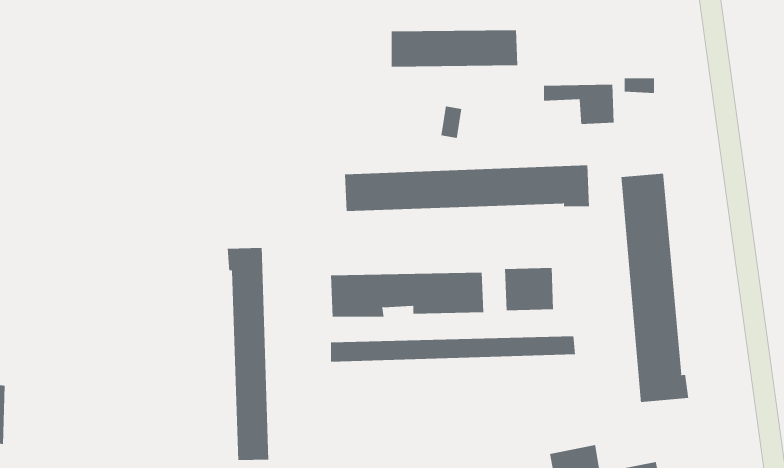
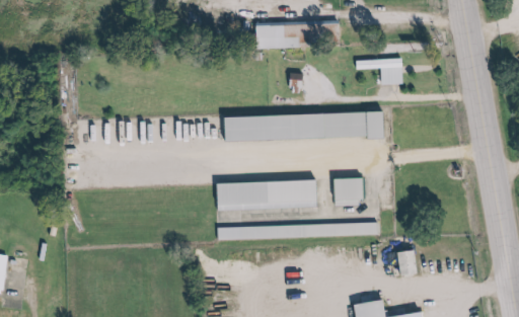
building: [621,173,689,403] -> none
building: [227,247,269,461] -> none
building: none -> [397,251,417,275]

